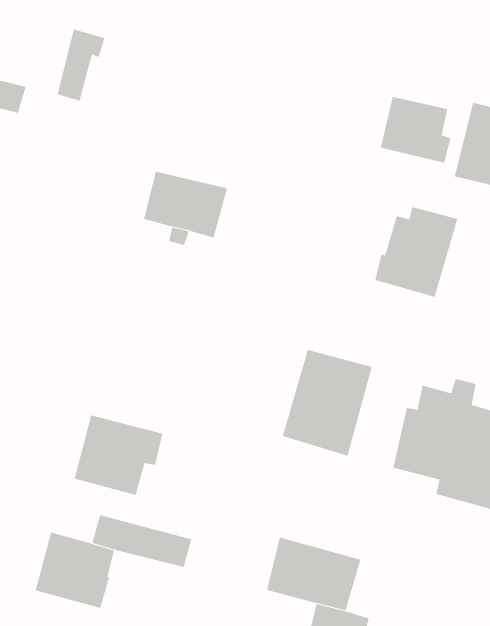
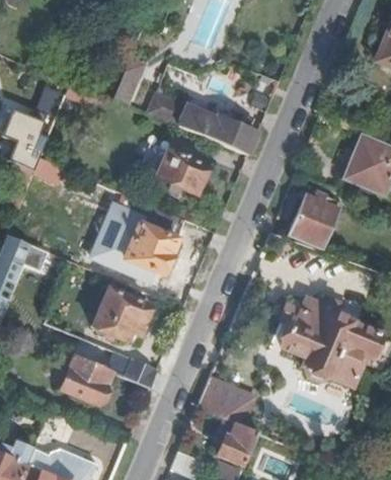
building: none -> [148,92,256,155]
building: [380,96,451,163] -> none
building: none -> [92,195,186,278]
building: [282,349,372,456] -> none

